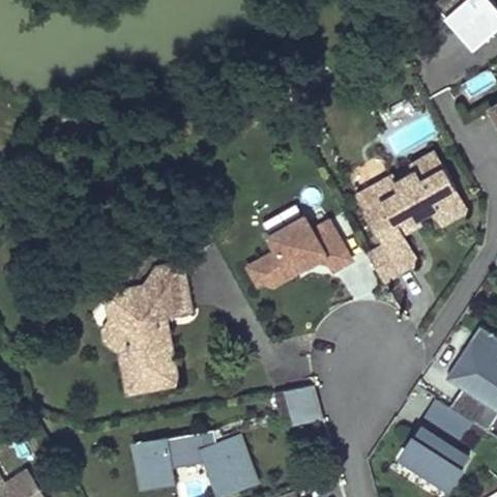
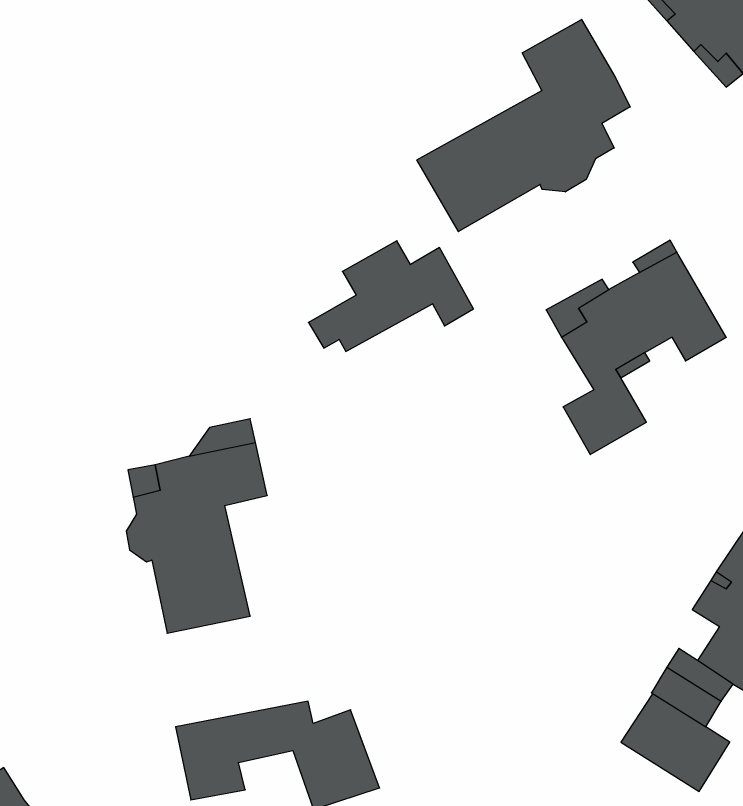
building: none -> [417,19,630,232]
building: [244,227,345,294] -> [308,241,473,351]
building: [271,386,322,427] -> none

